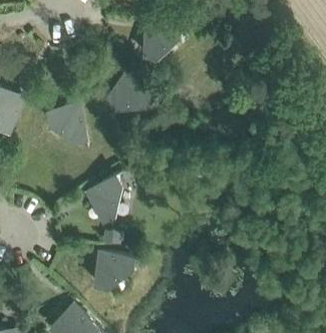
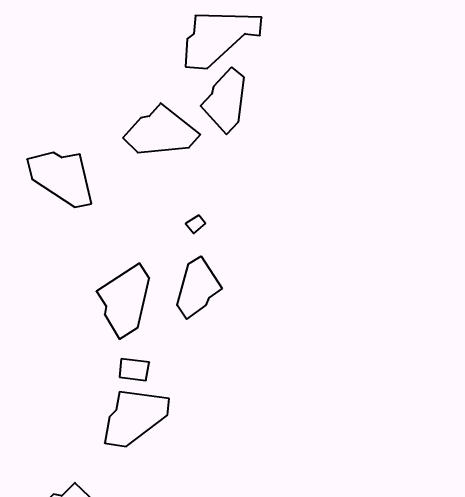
building: none -> [201,67,244,134]
building: none -> [177,256,222,319]

